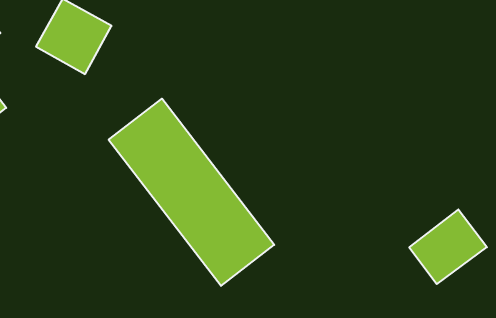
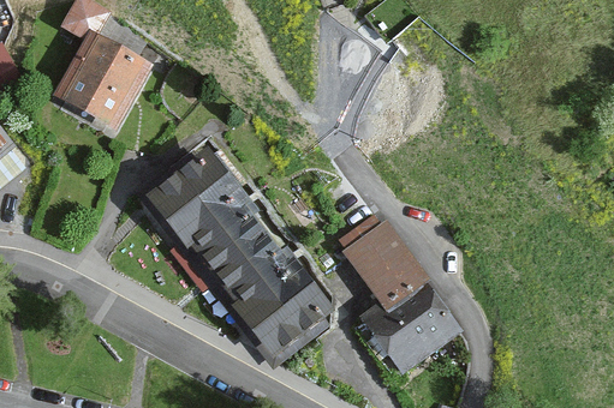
building: none -> [342,221,427,307]
building: [409,209,487,284] -> [369,284,460,372]

